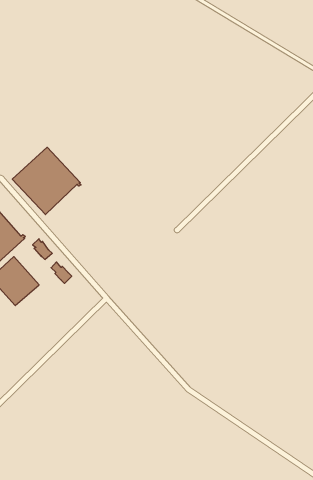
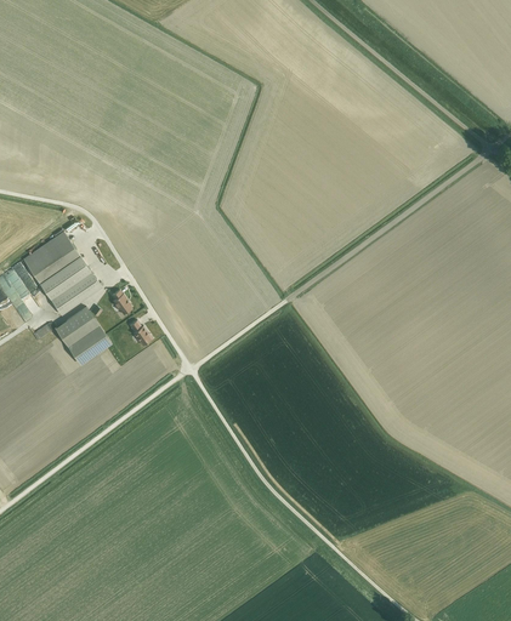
building: [12,147,81,215] -> none

